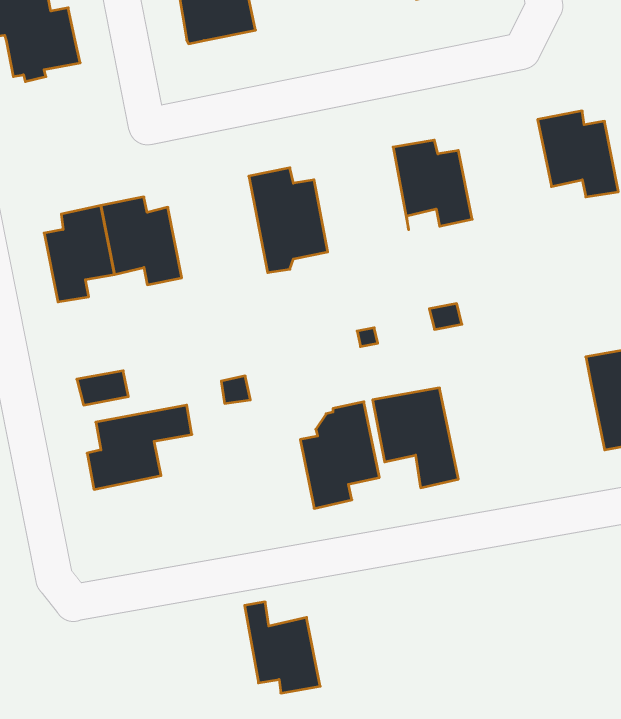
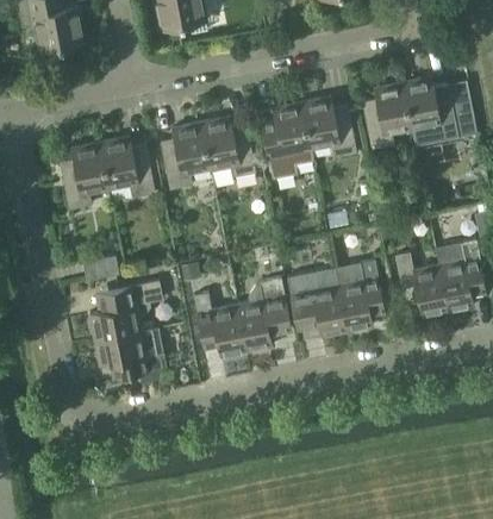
building: none -> [361,83,411,150]
building: none -> [261,102,312,177]
building: none -> [160,123,214,190]
building: none -> [394,252,448,317]
building: none -> [333,261,385,332]
building: none -> [94,329,166,379]
building: [245,602,320,693] -> [194,294,246,357]

